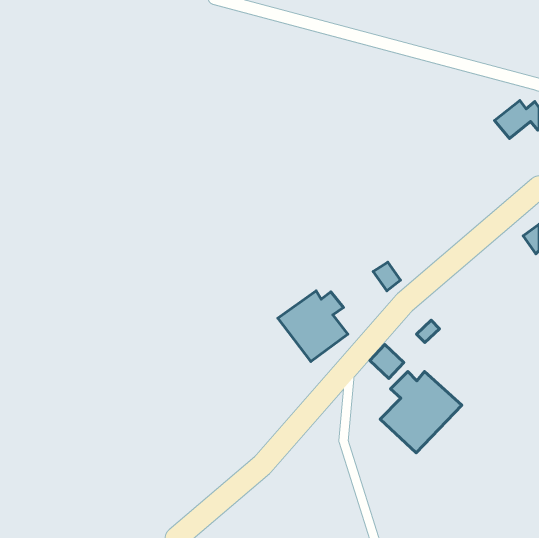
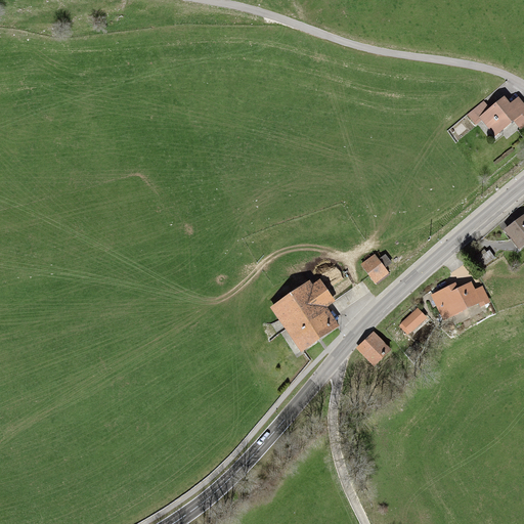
building: none -> [434,283,488,316]
building: [380,371,462,453] -> none

